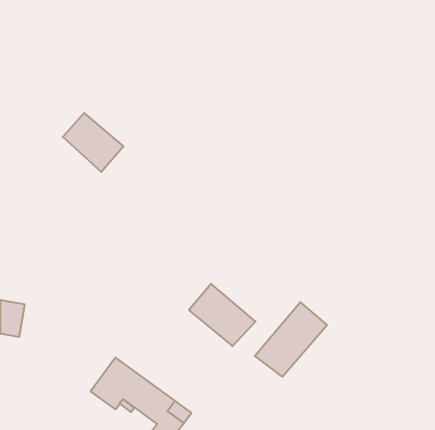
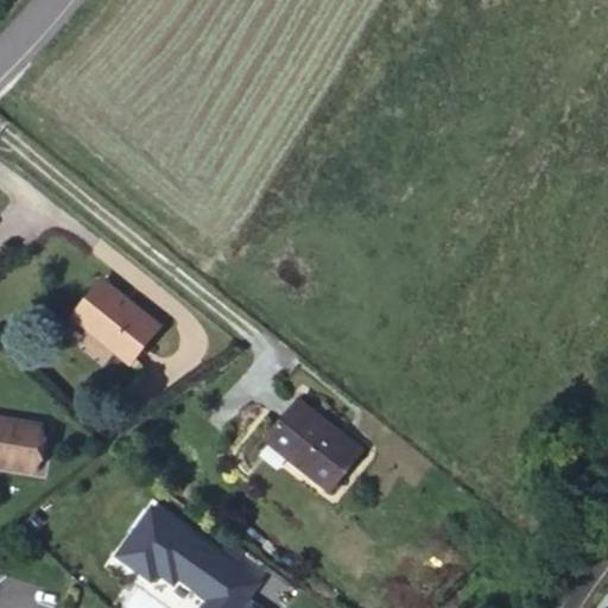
building: [63,113,123,172] -> [70,279,154,361]
building: [255,302,327,377] -> none

